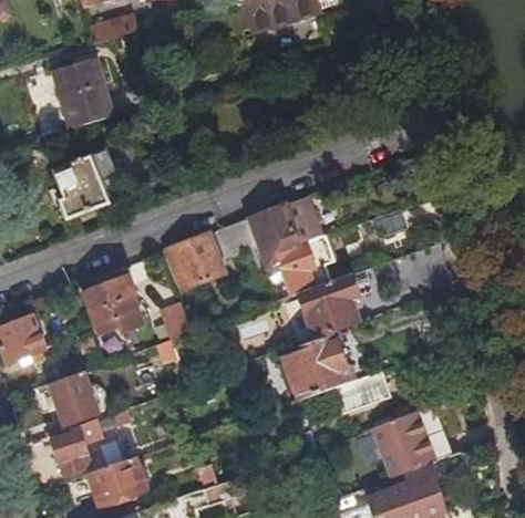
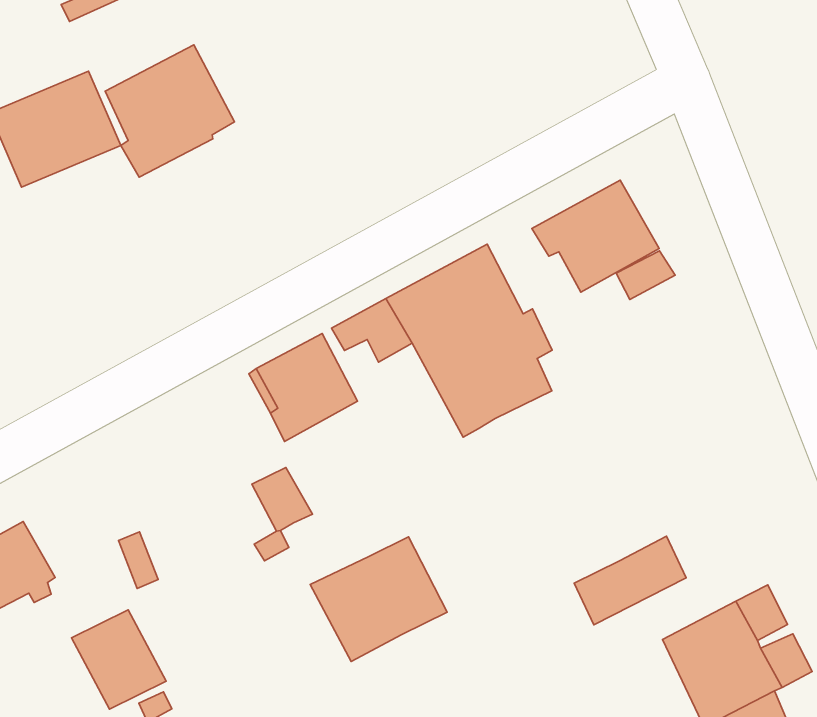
building: [56,149,125,218] -> [105,45,235,177]
building: none -> [532,180,659,292]
building: [83,276,137,333] -> none
building: [298,276,359,338] -> none
building: [282,336,356,401] -> [310,537,447,662]

